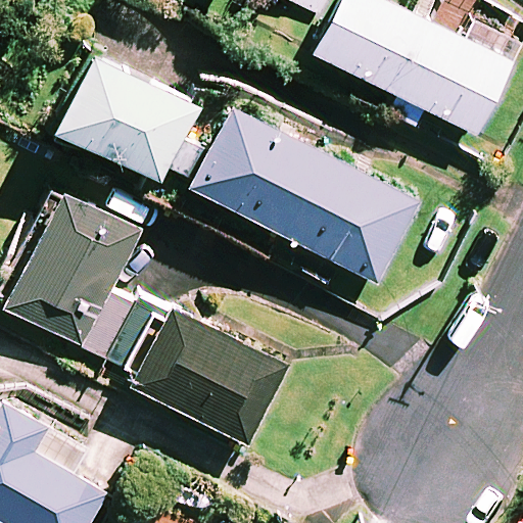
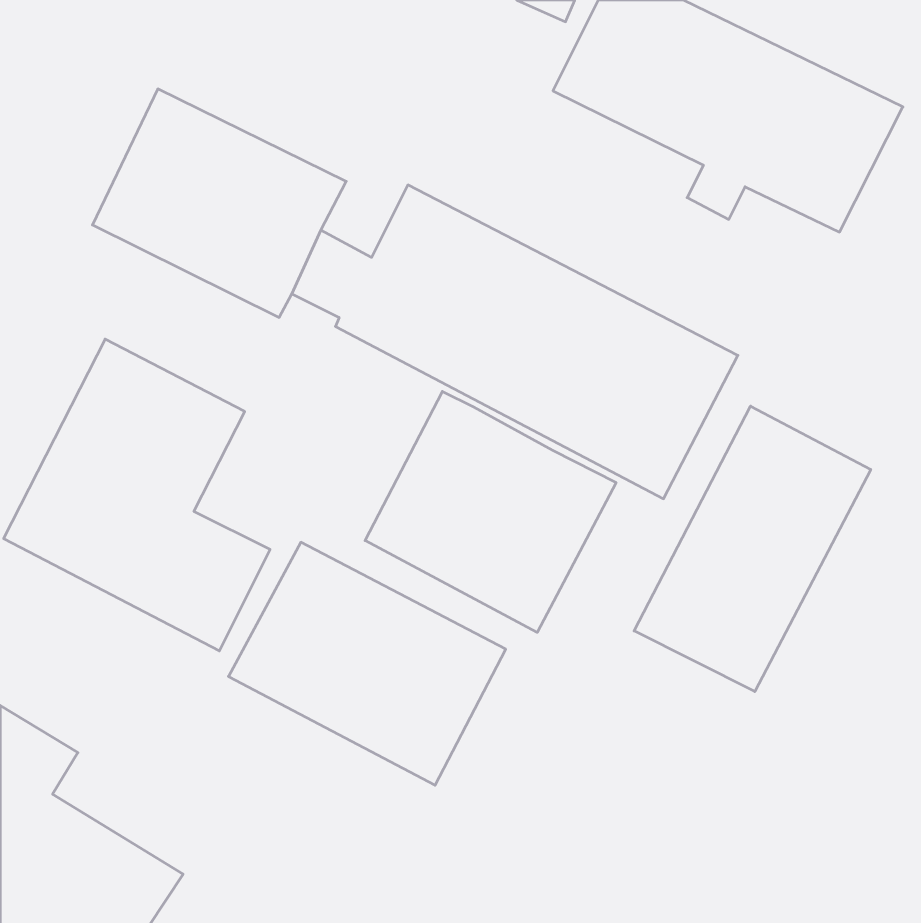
building: none -> [365,391,616,632]
building: none -> [634,406,871,692]

